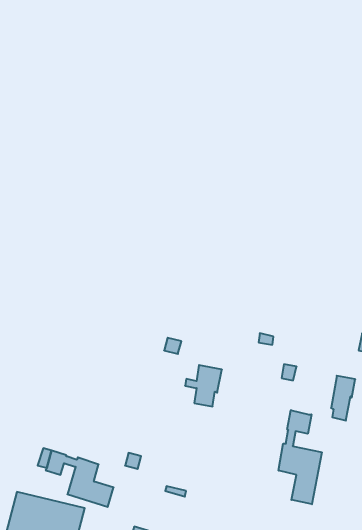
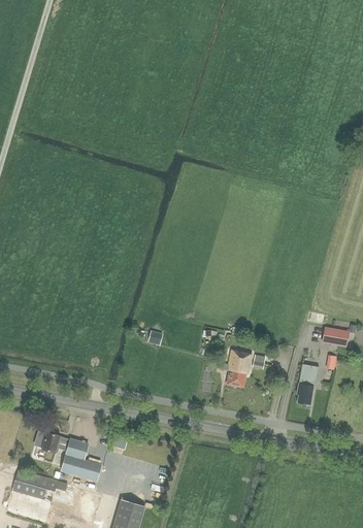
building: [185,365,222,406] -> [219,350,252,387]
building: [279,410,322,504] -> none

